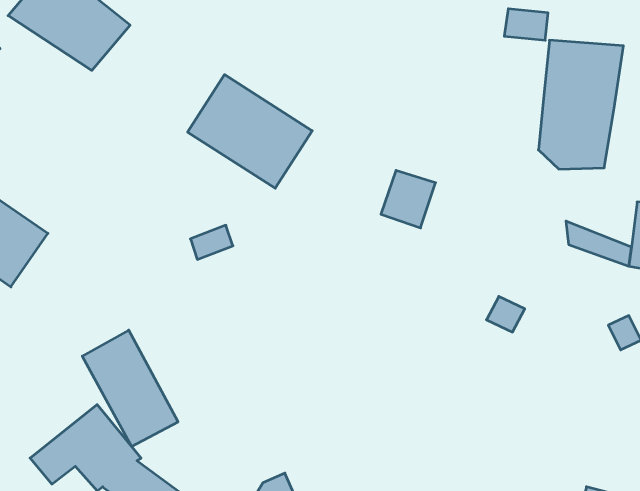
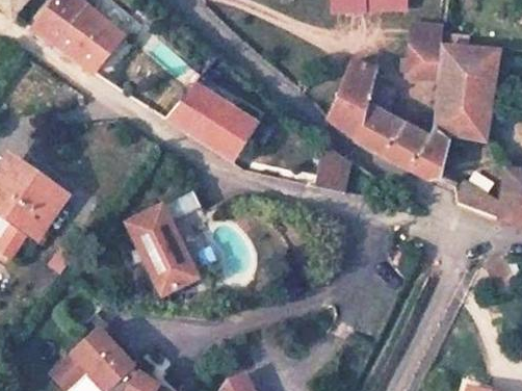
building: none -> [404,45,443,89]
building: none -> [328,62,450,179]
building: [82,330,178,446] -> [126,204,199,292]

